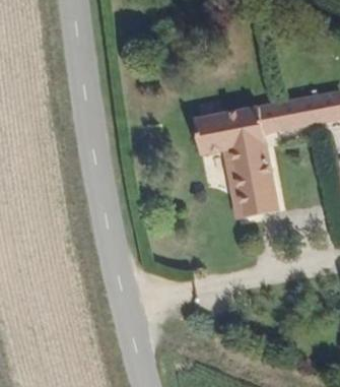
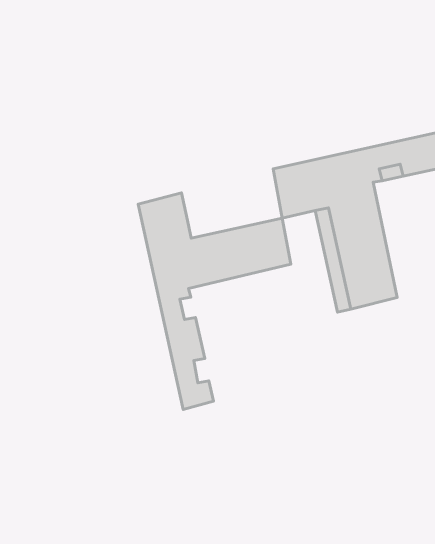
building: none -> [138,193,291,410]

